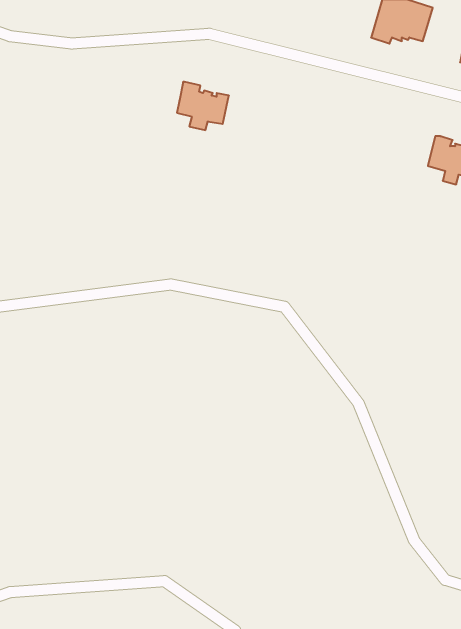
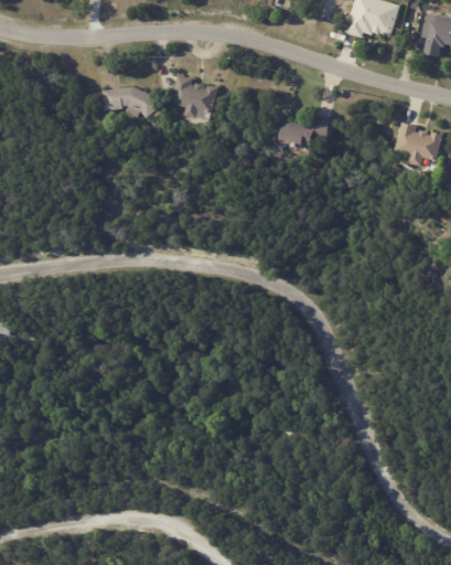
building: none -> [101,86,159,116]
building: none -> [280,114,331,146]

